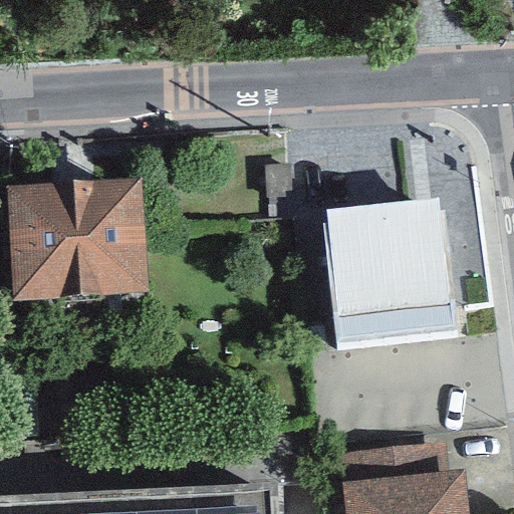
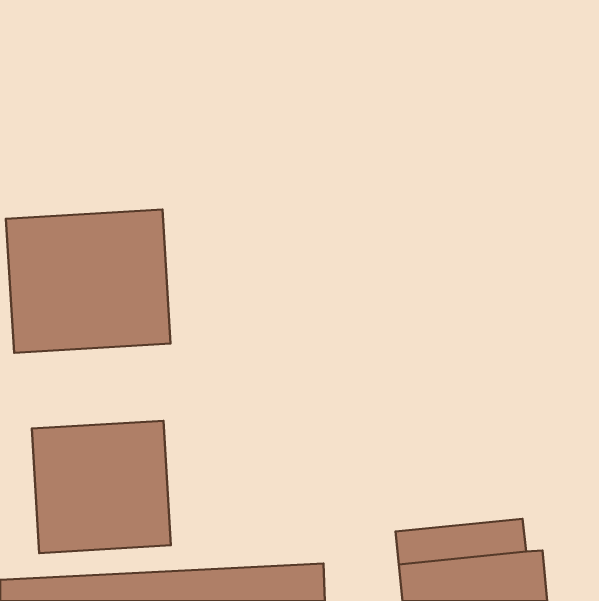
building: [323,199,455,350] -> none
building: none -> [32,421,171,553]

